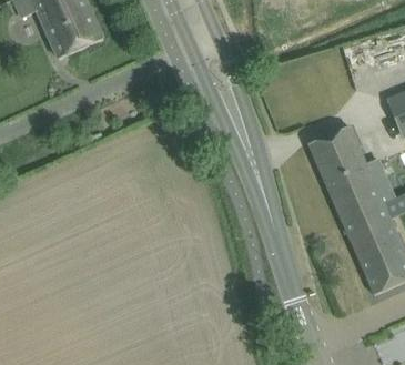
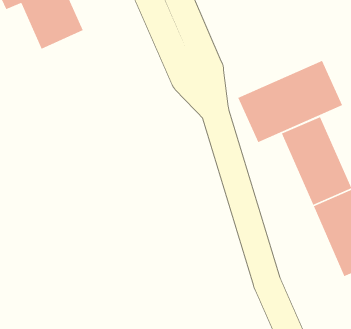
building: none -> [237,60,343,143]

